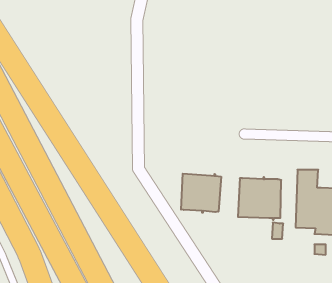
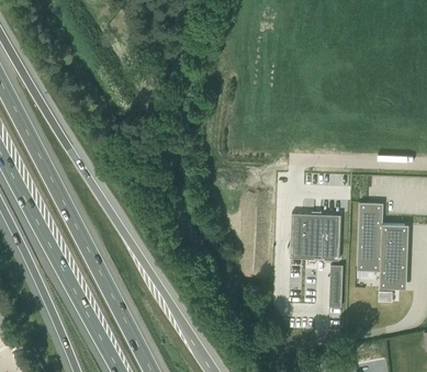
building: [181,174,221,213] -> none

